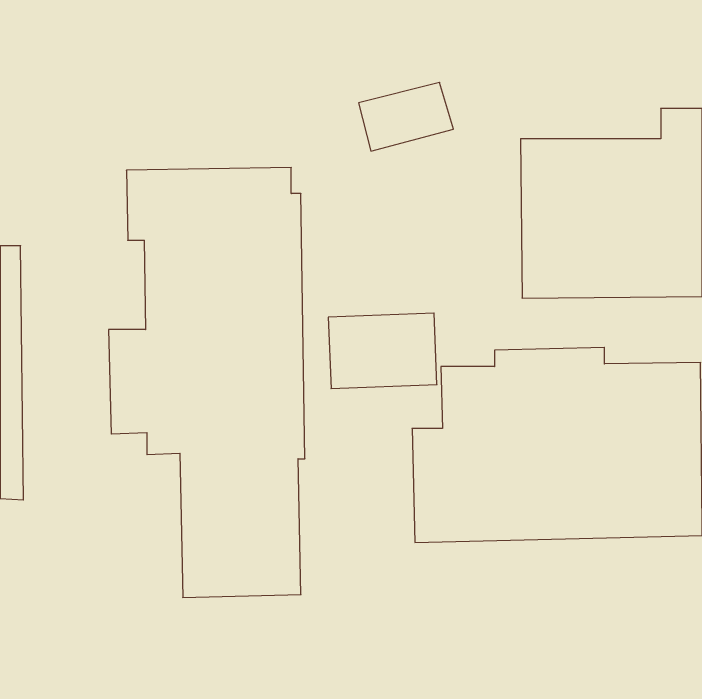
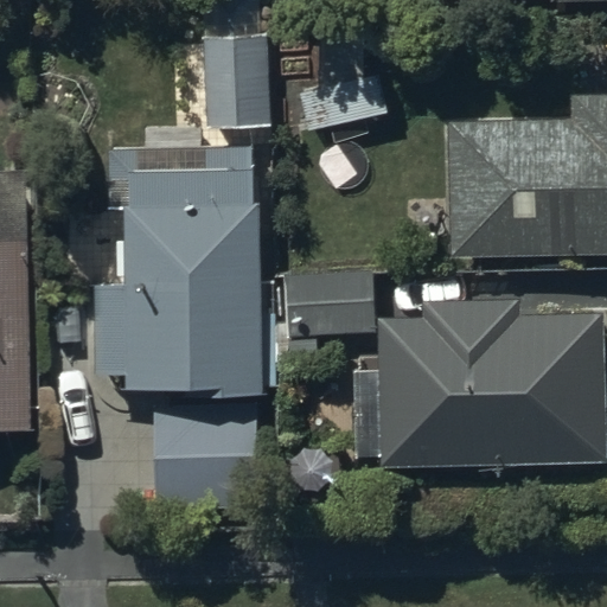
building: none -> [204,7,271,130]

